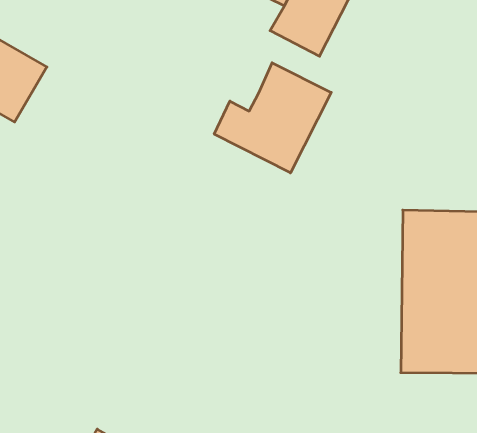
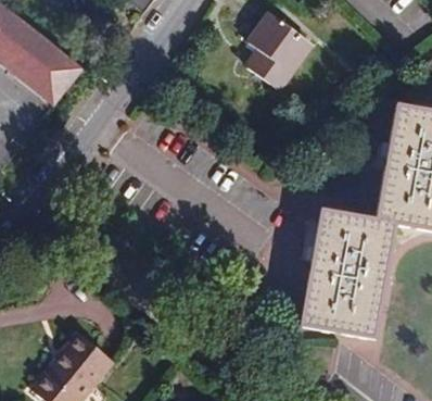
building: [214,63,331,173] -> none

